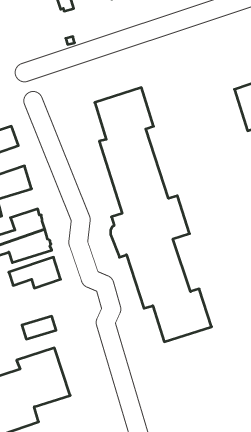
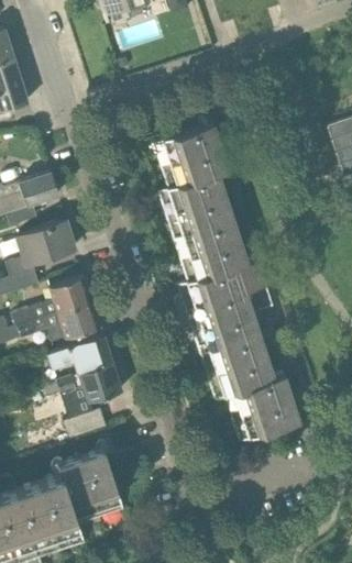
building: none -> [42,362,121,401]

